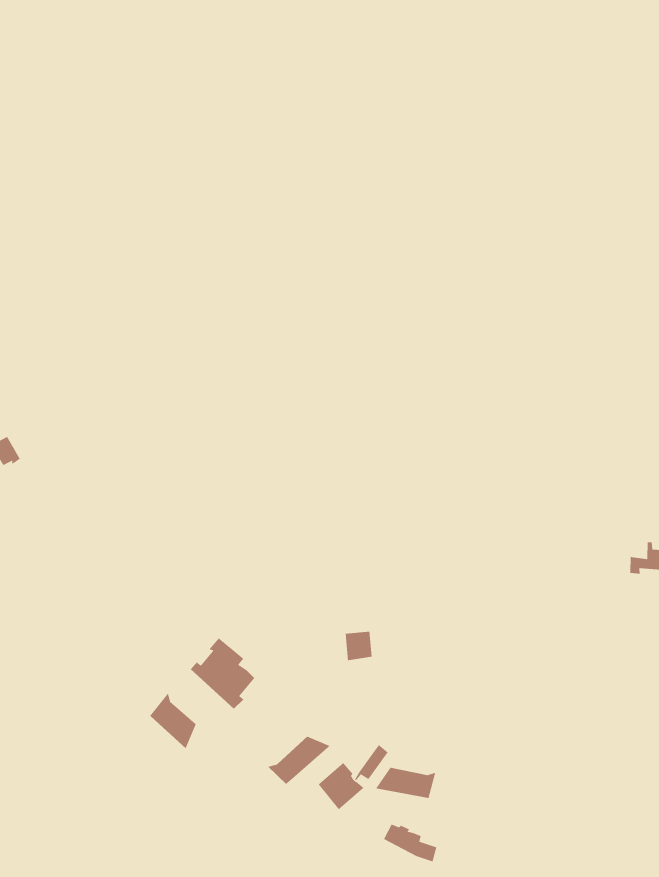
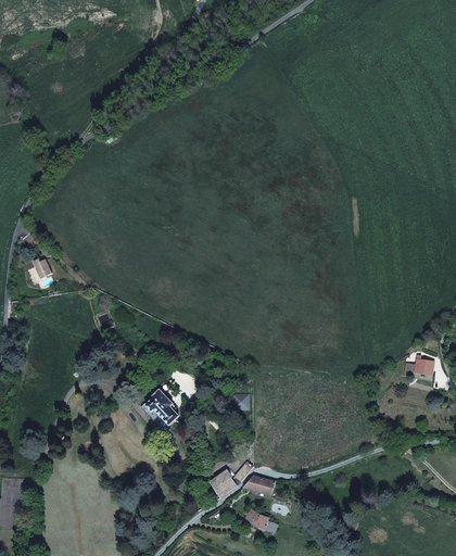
building: [150,693,197,749] -> none
building: [267,736,331,785] -> none

